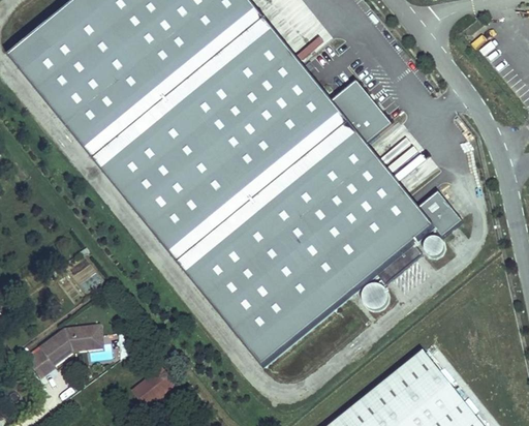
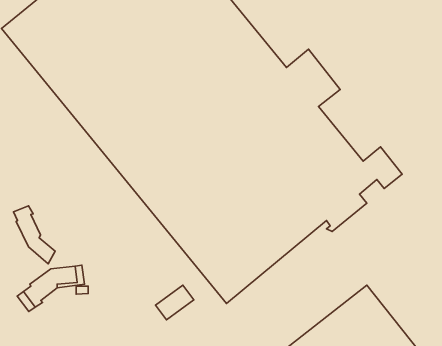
building: none -> [13,206,55,264]
building: [132,366,176,405] -> [156,285,194,320]

